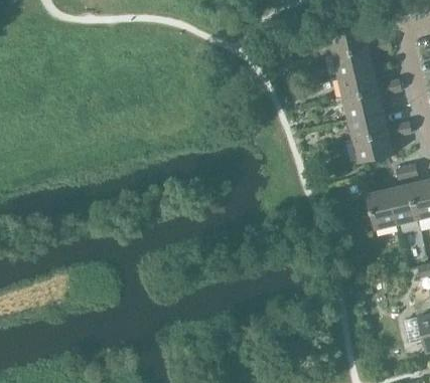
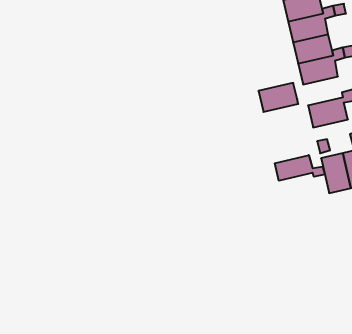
building: [347,112,388,141] -> [258,83,298,112]
building: none -> [275,155,325,181]

